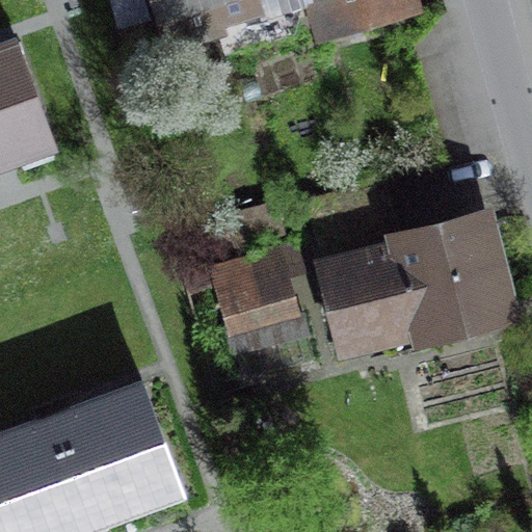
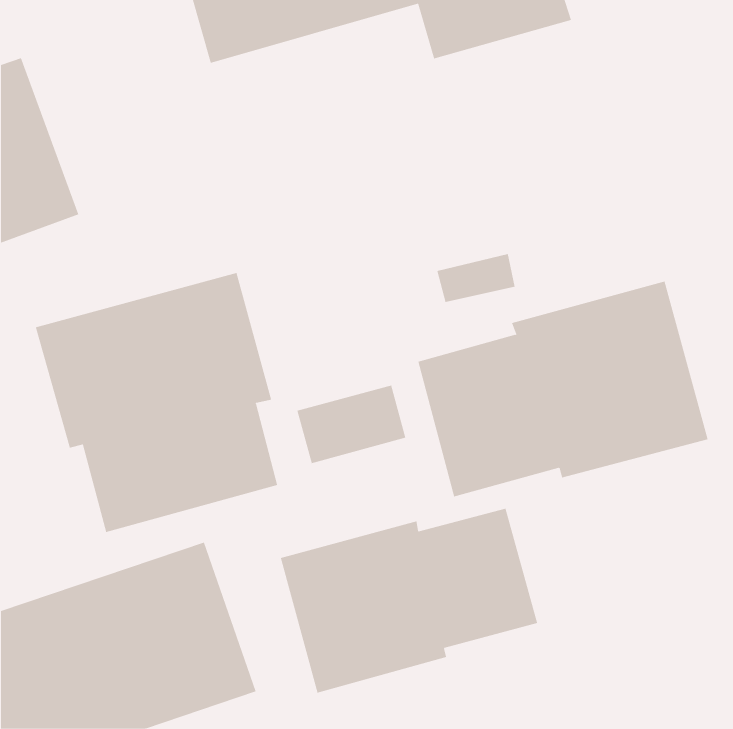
building: none -> [35,272,278,533]
building: none -> [280,508,538,694]

